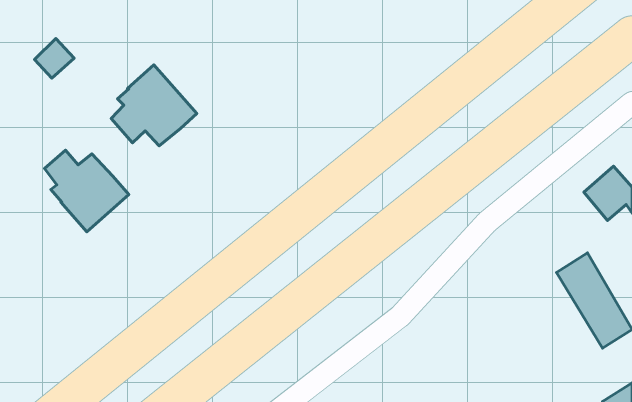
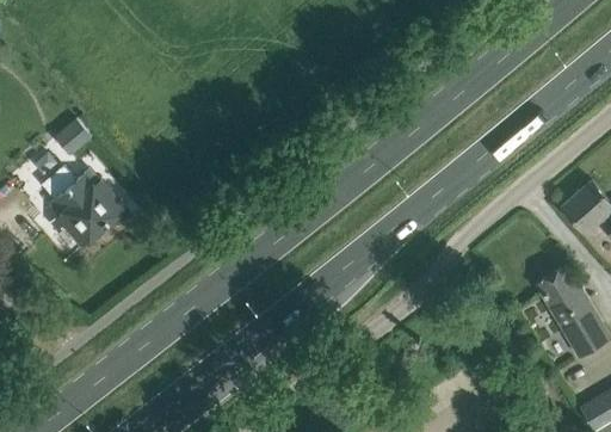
building: [35,38,74,78] -> [56,117,94,155]
building: [111,65,197,146] -> none

